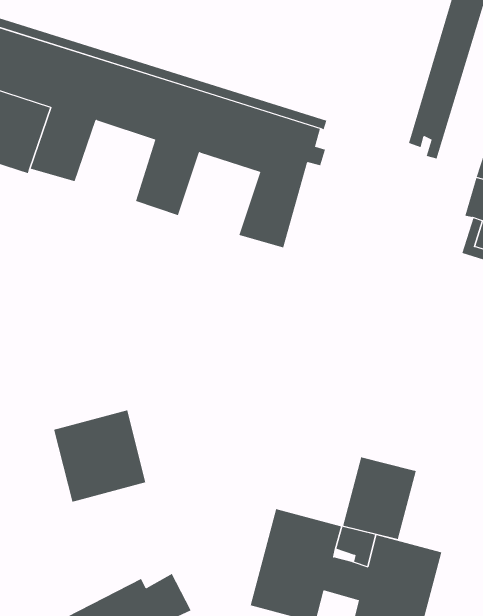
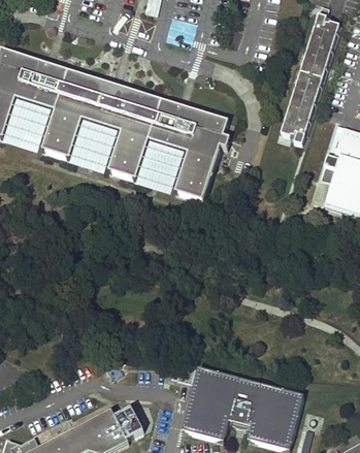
building: none -> [68,119,120,173]
building: none -> [134,139,187,195]
building: [53,409,146,503] -> none
building: [343,457,416,540] -> none

